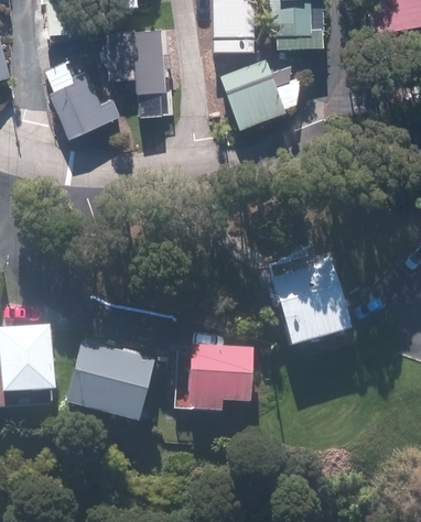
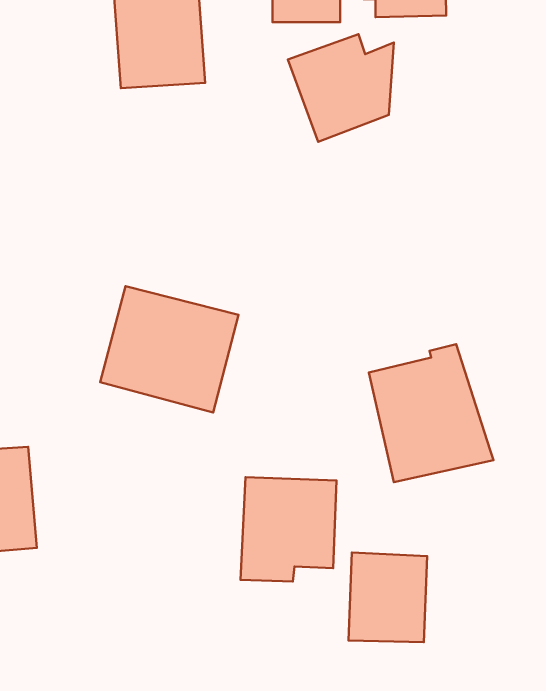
building: [44,57,110,135] -> none
building: [65,340,155,423] -> [100,286,238,412]
building: none -> [348,553,427,642]

